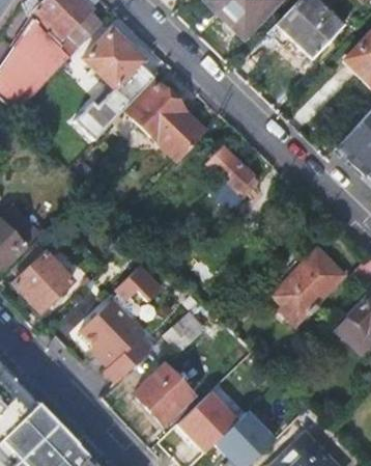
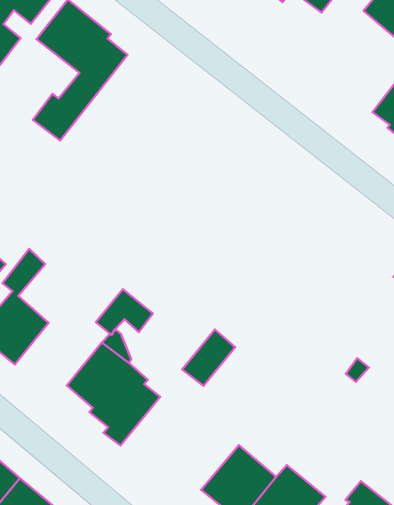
building: [132,83,206,157] -> none
building: [204,146,258,199] -> none
building: [269,247,342,323] -> none
building: [136,365,195,426] -> none

